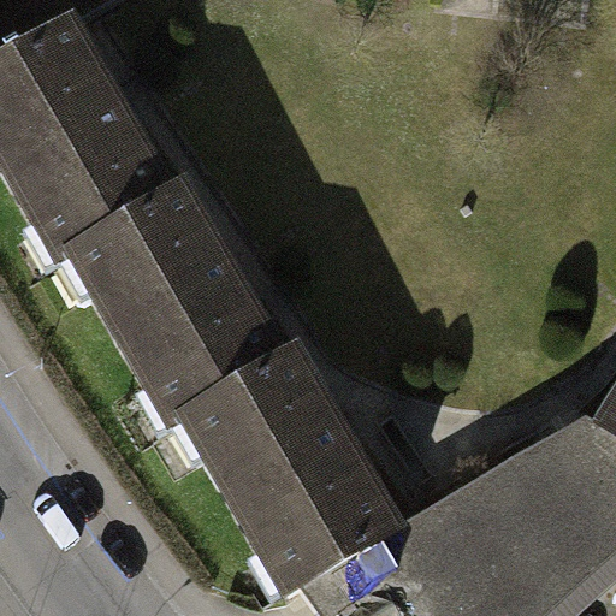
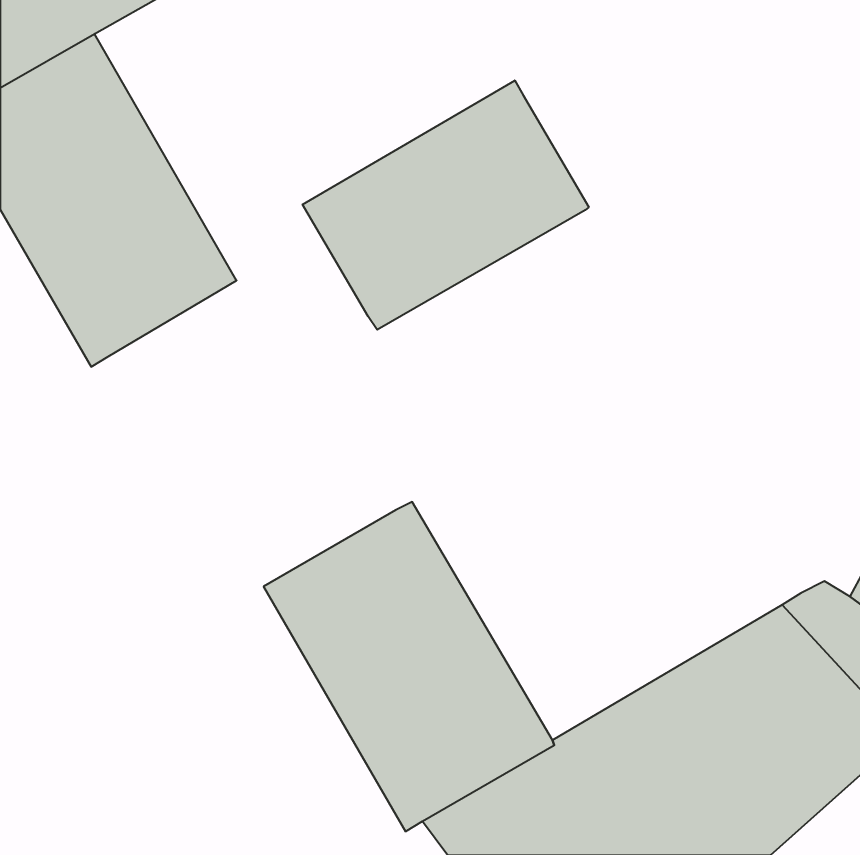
building: none -> [303,80,589,330]
building: [79,192,284,425] -> none

